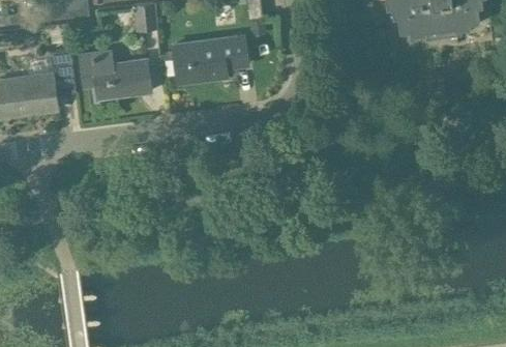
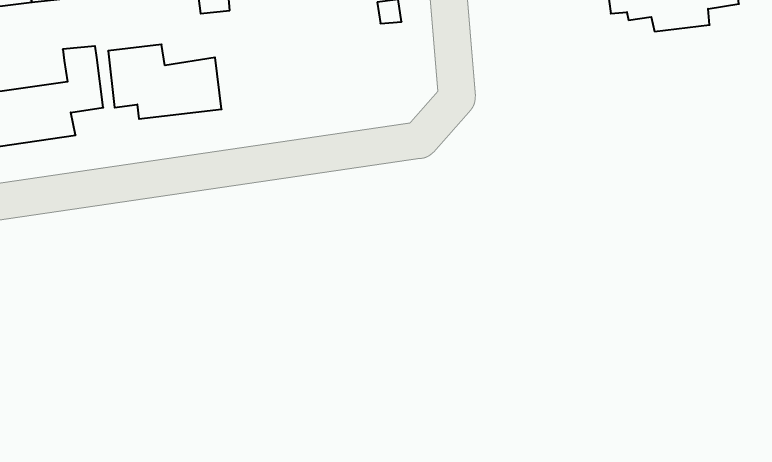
building: [173,37,247,83] -> none

